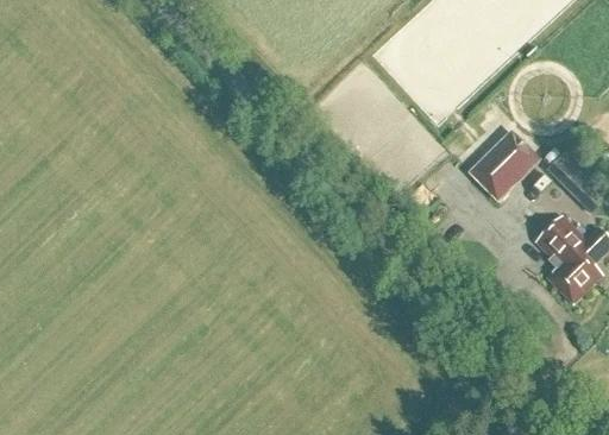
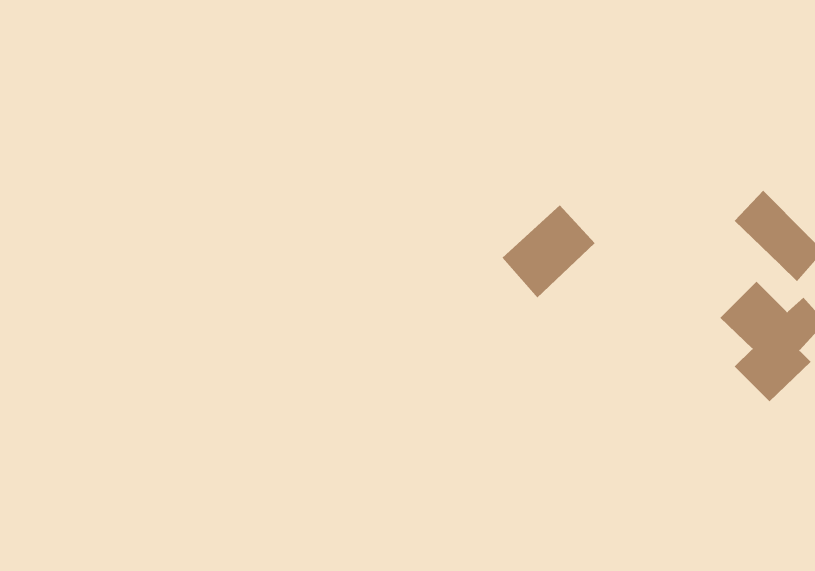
building: [470,132,539,201] -> [502,204,596,298]

